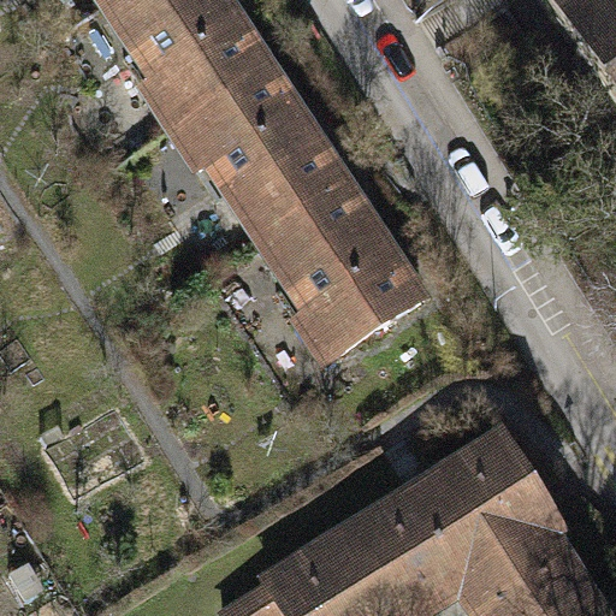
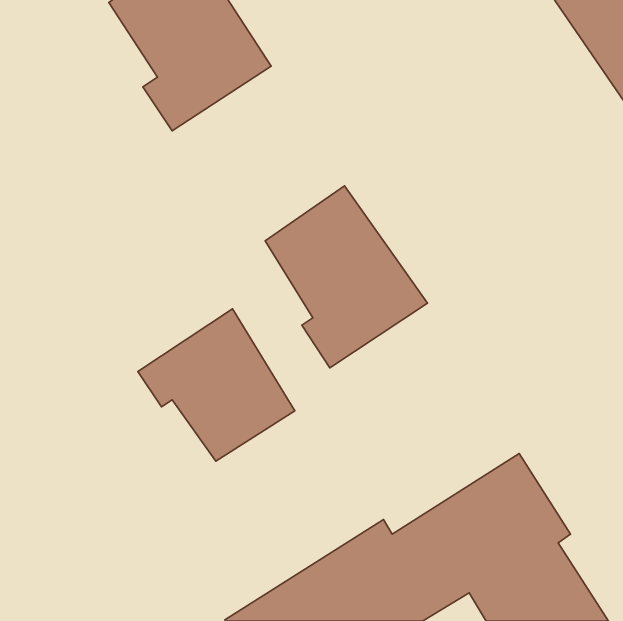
building: [171,65,340,237] -> none
building: none -> [138,309,295,461]

